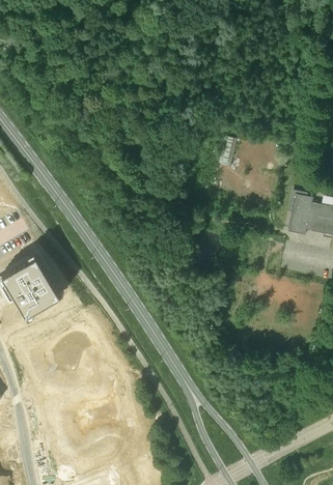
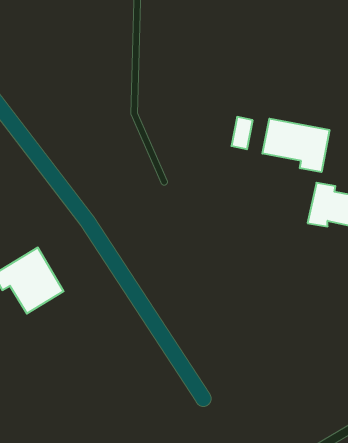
building: none -> [262,119,329,172]

